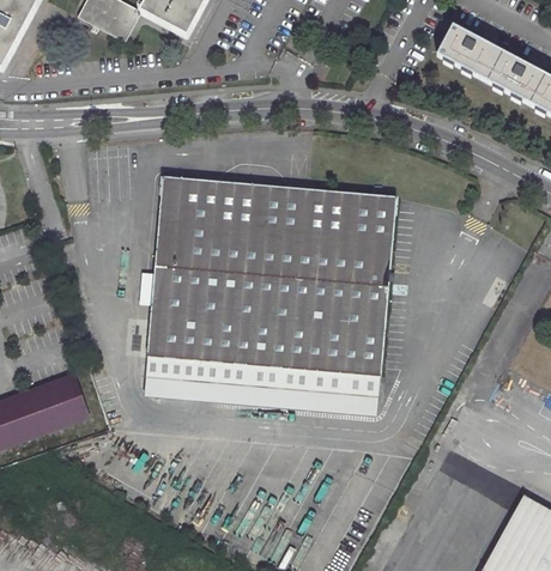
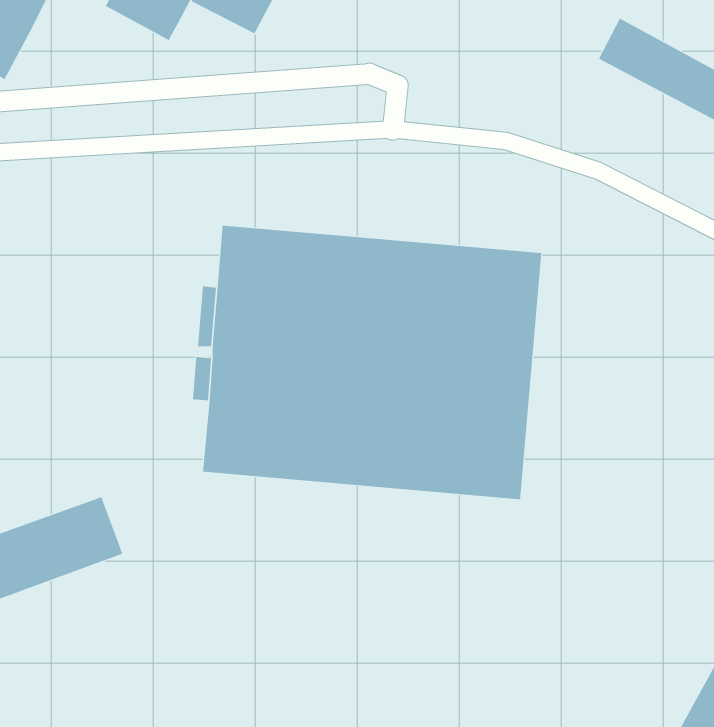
building: [145,356,381,417] -> none

